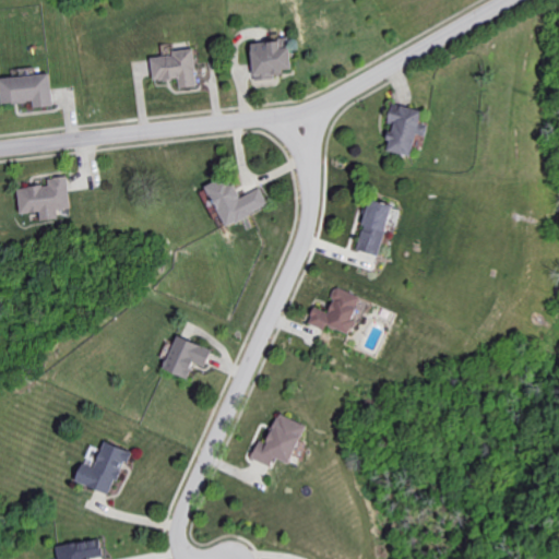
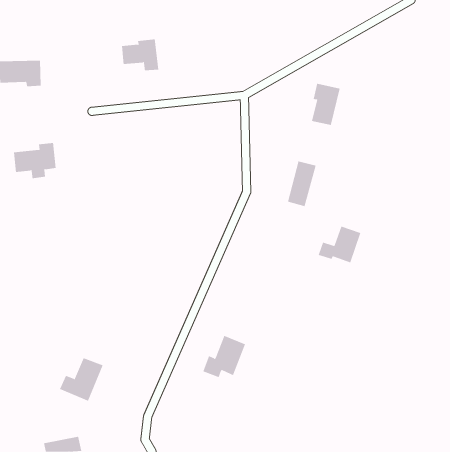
building: [249,38,290,79] -> none
building: [204,177,267,226] -> none
building: [307,287,360,333] -> [318,226,361,263]
building: [162,335,211,379] -> none

